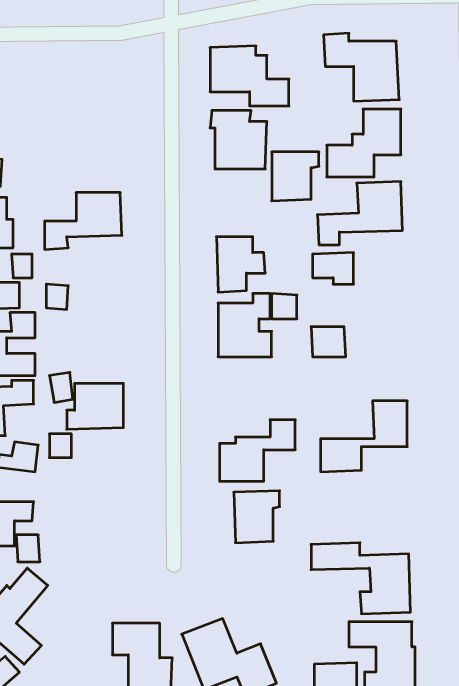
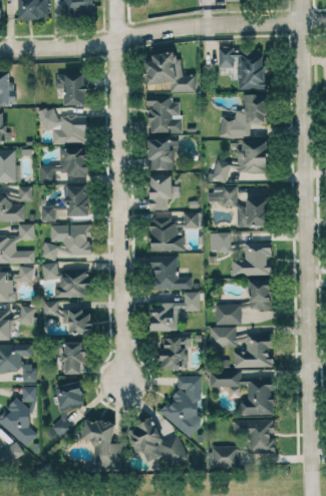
building: none -> [55,74,86,106]
building: none -> [38,109,87,145]
building: [272,152,319,201] -> [148,140,179,171]
building: none -> [66,186,89,217]
building: none -> [237,196,271,227]
building: none -> [42,224,91,260]
building: none -> [232,242,272,276]
building: none -> [150,256,192,291]
building: none -> [62,310,92,336]
building: none -> [210,328,273,368]
building: none -> [62,344,84,375]
building: none -> [161,377,202,427]
building: none -> [52,383,84,437]

